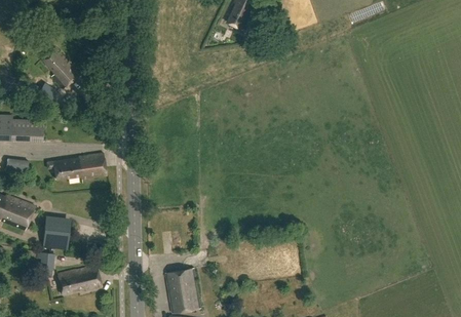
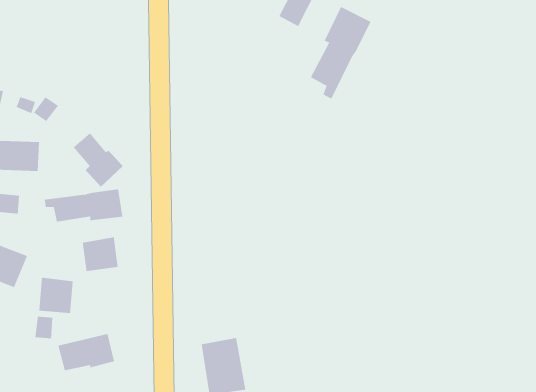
building: none -> [310,6,371,100]
building: [40,48,79,90] -> [73,133,124,188]
building: none -> [82,236,118,272]

